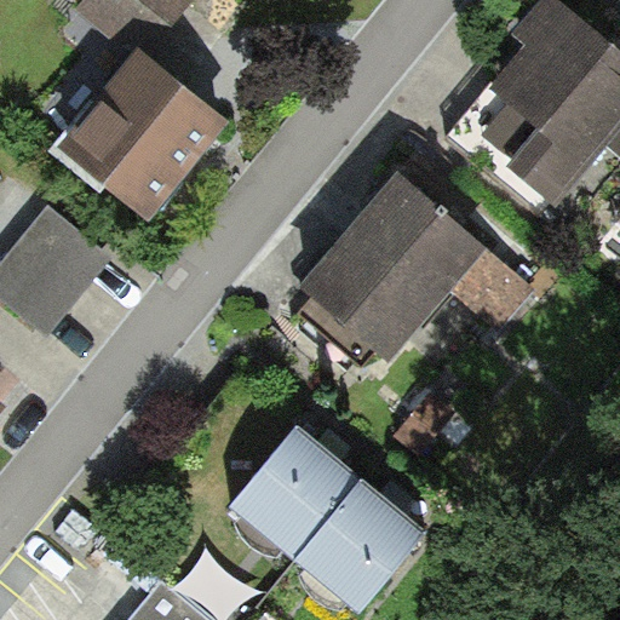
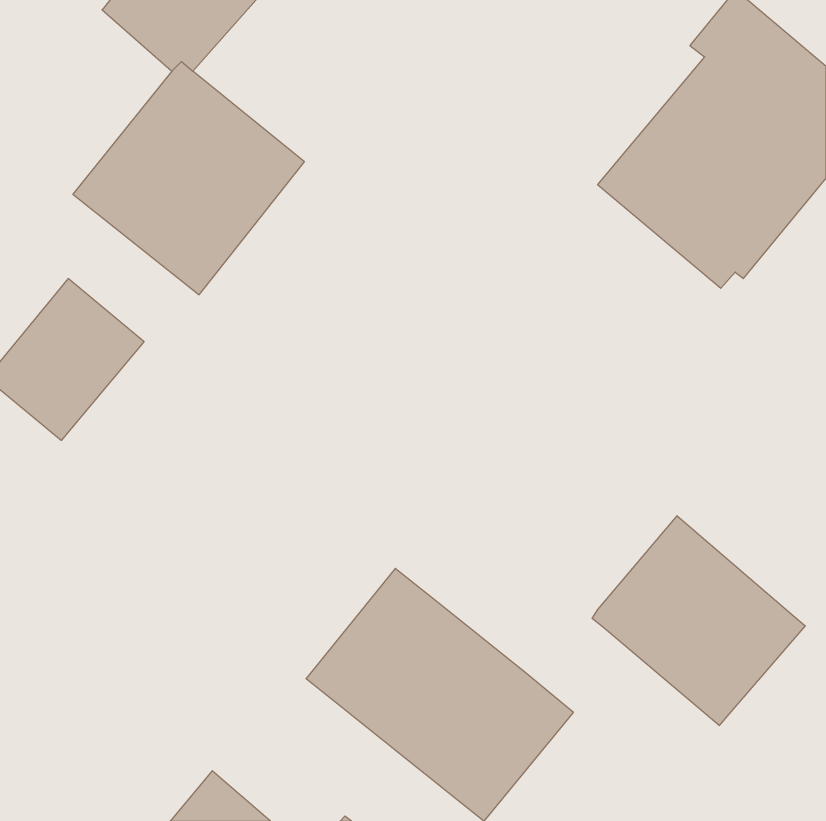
building: [294,166,538,366] -> none
building: none -> [592,516,805,726]

